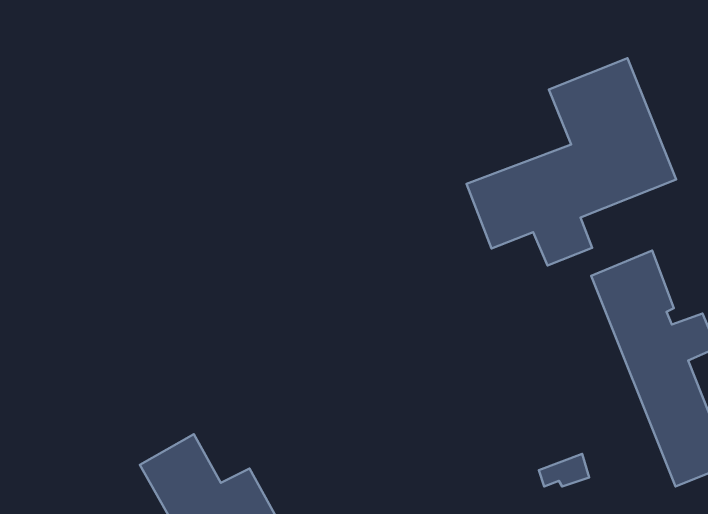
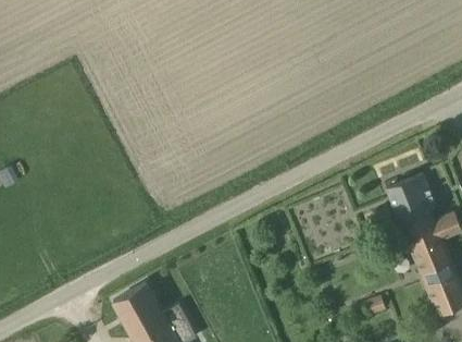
building: [466,58,676,265] -> none

